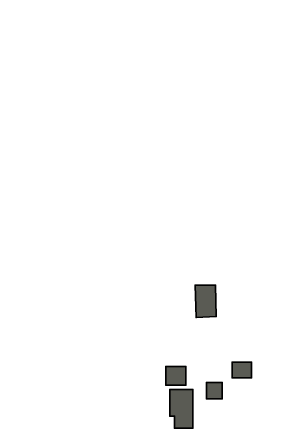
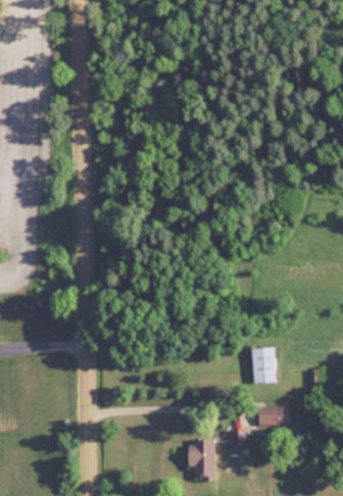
building: [195,285,216,317] -> [252,348,276,384]
building: [166,367,186,385] -> none

